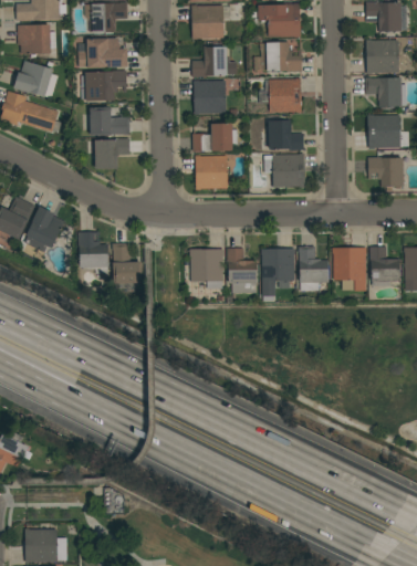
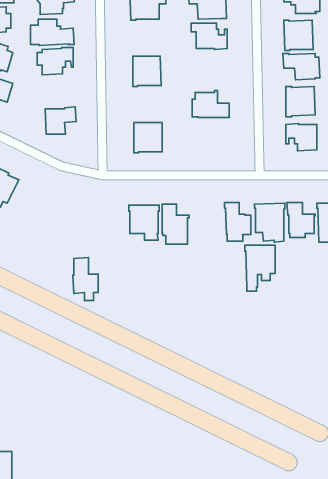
building: [192,46,237,76] -> none
building: [259,77,302,112] -> none
building: [85,106,131,135] -> none
building: [192,123,239,150] -> none
building: [264,153,305,188] -> none
building: [79,231,108,273] -> none
building: [113,242,142,291] -> [73,258,98,300]
building: [261,248,295,300] -> [245,245,275,291]

